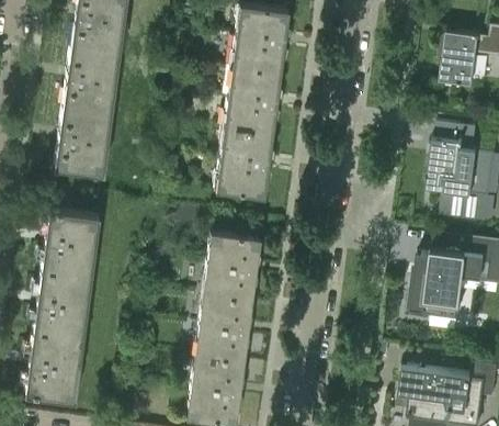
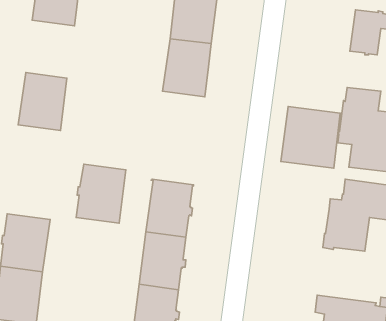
building: [63,45,120,113] -> none
building: [215,128,272,197] -> none
building: none -> [281,107,340,168]
building: [41,210,99,279] -> [76,164,126,223]

